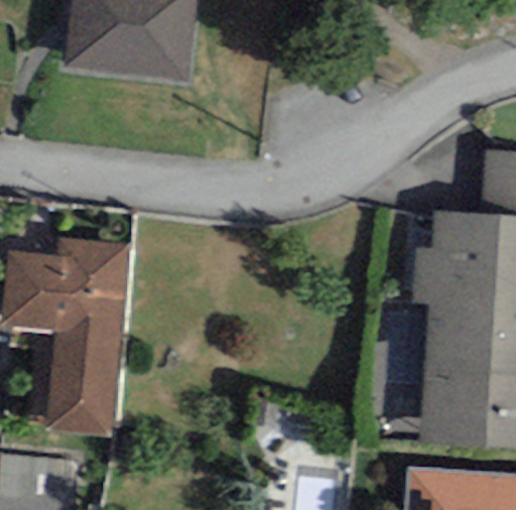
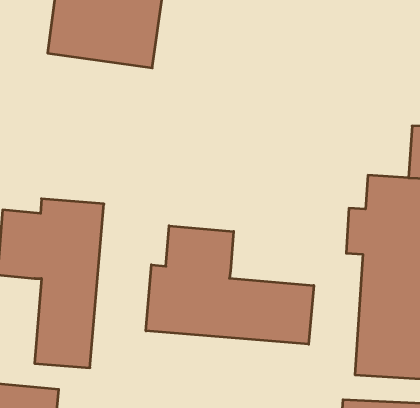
building: none -> [146,226,314,344]

